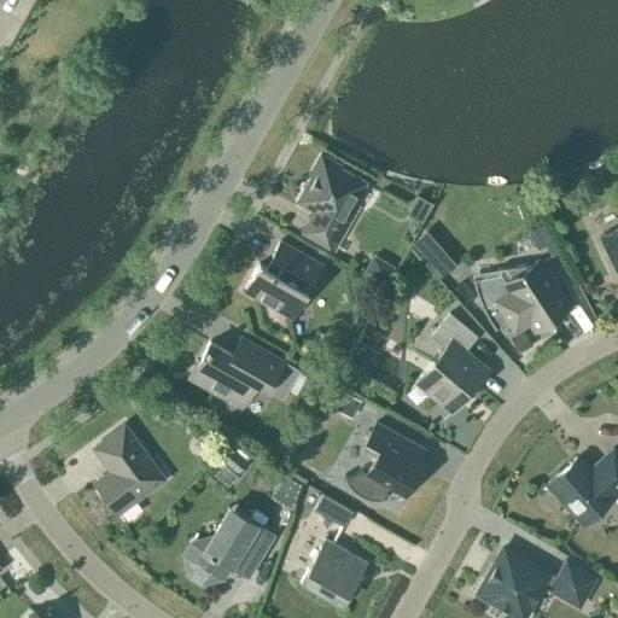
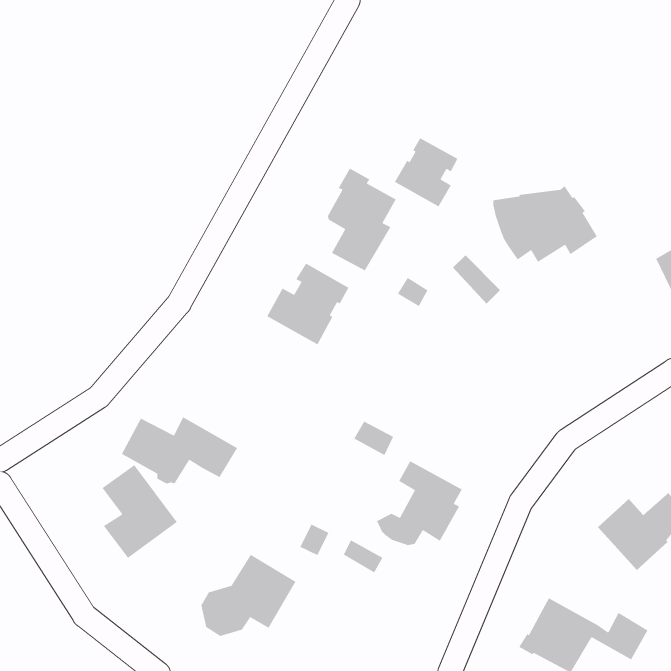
building: none -> [394,137,458,208]
building: [474,262,571,336] -> [492,185,598,266]
building: [410,315,489,422] -> none
building: [193,343,301,406] -> [121,416,238,485]
building: [302,540,369,607] -> none

